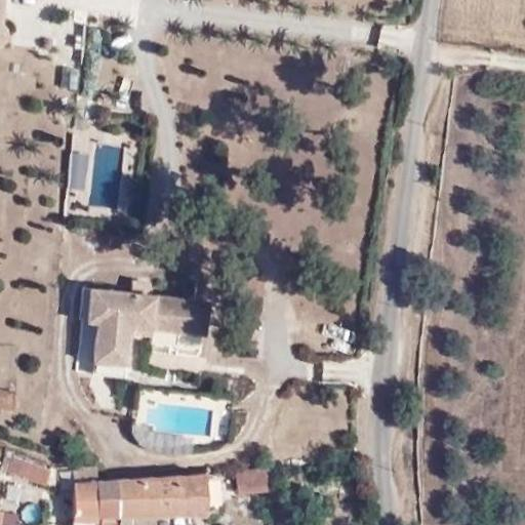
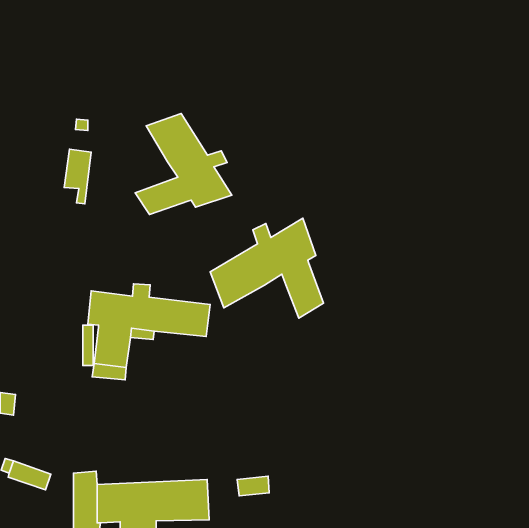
building: none -> [135,113,232,215]
building: none -> [210,218,323,318]

